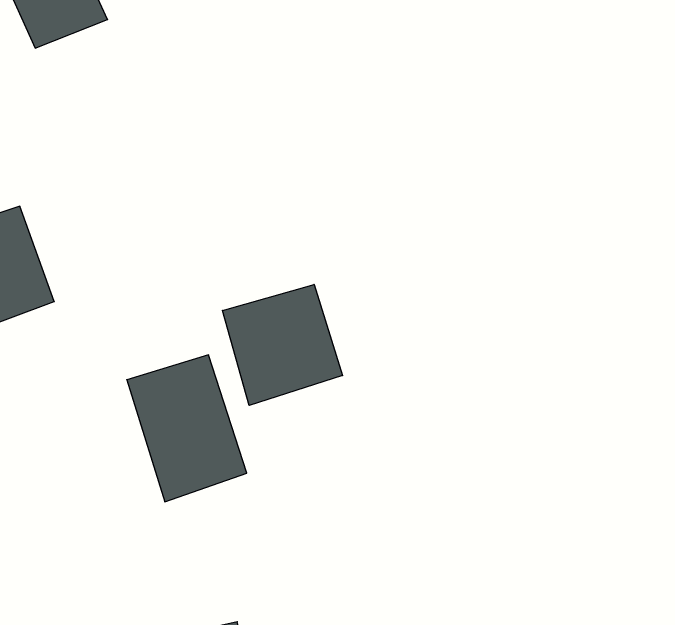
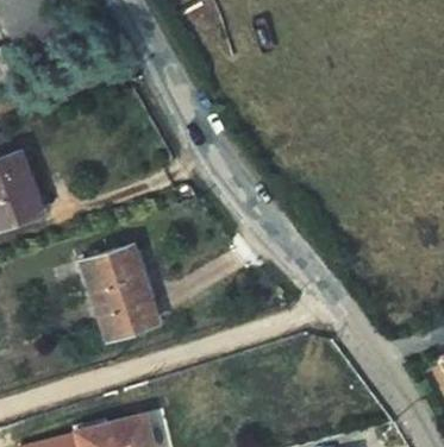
building: [222,284,343,405] -> none

